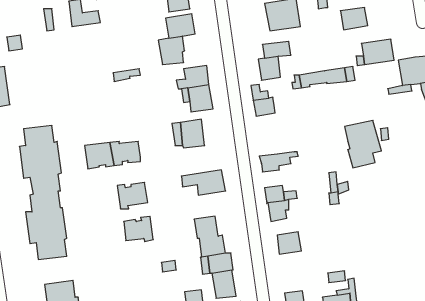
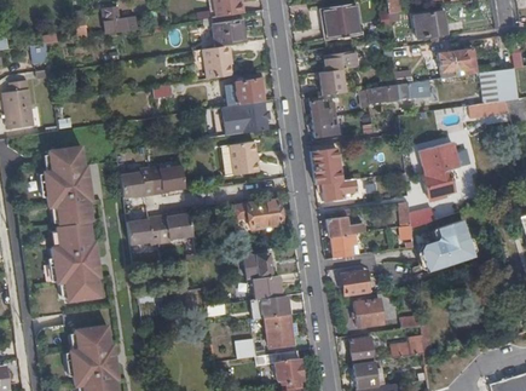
building: none -> [311,148,341,184]
building: none -> [421,219,474,270]
building: [124,216,153,242] -> [127,217,161,246]
building: none -> [353,298,382,326]

